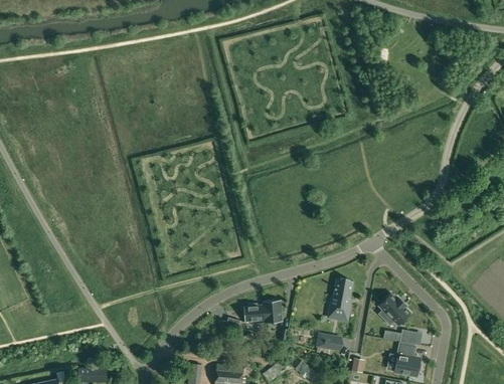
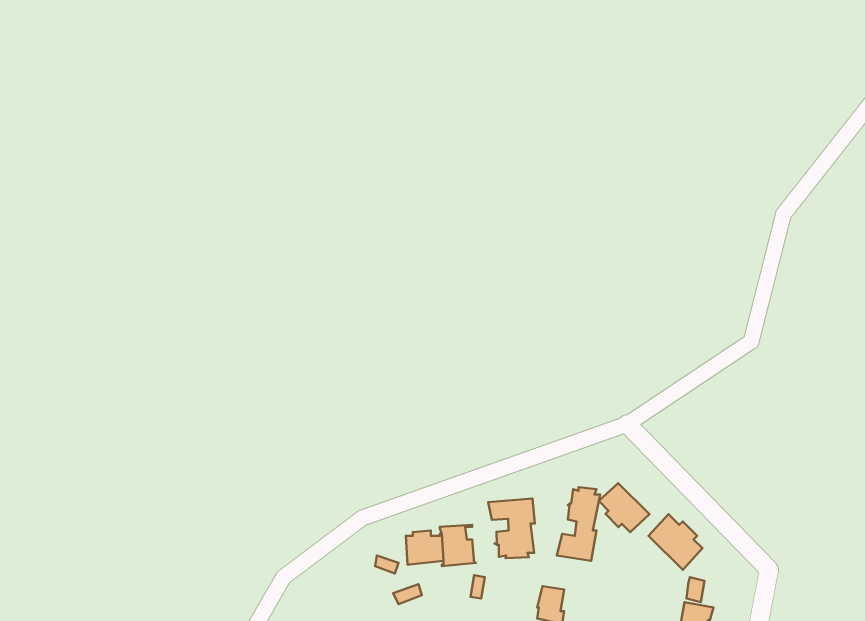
building: none -> [599,483,649,532]
building: none -> [488,499,535,558]

